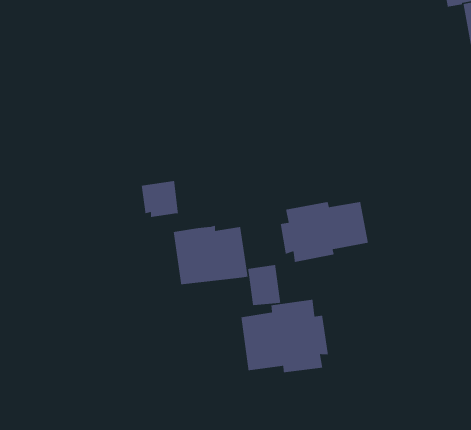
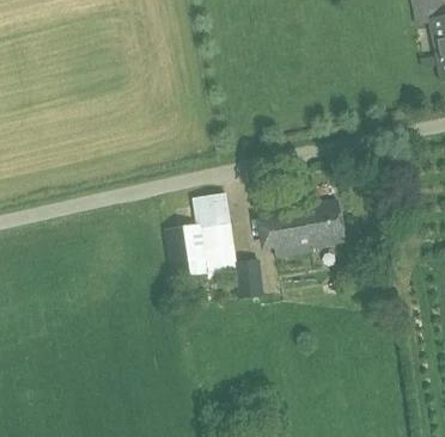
building: [141,180,179,218] -> [196,192,231,227]
building: [240,299,329,373] -> none

